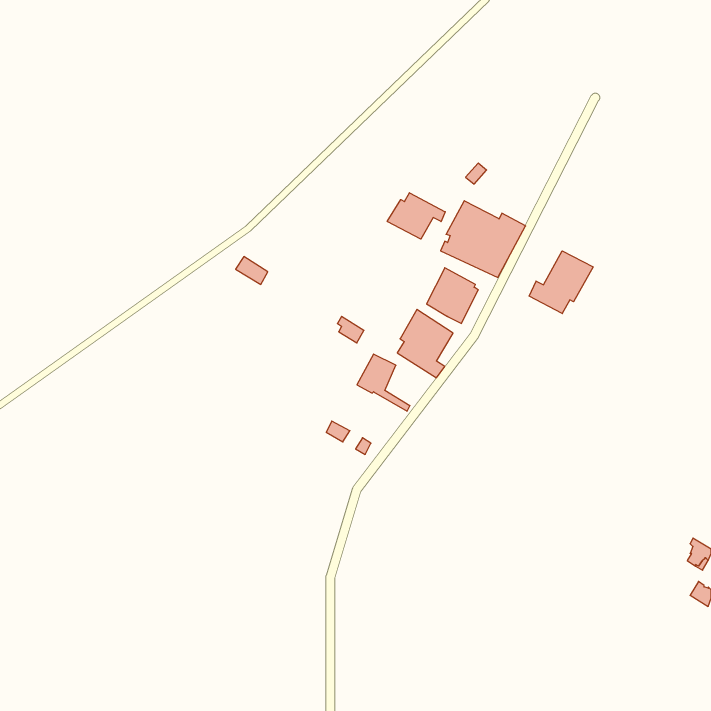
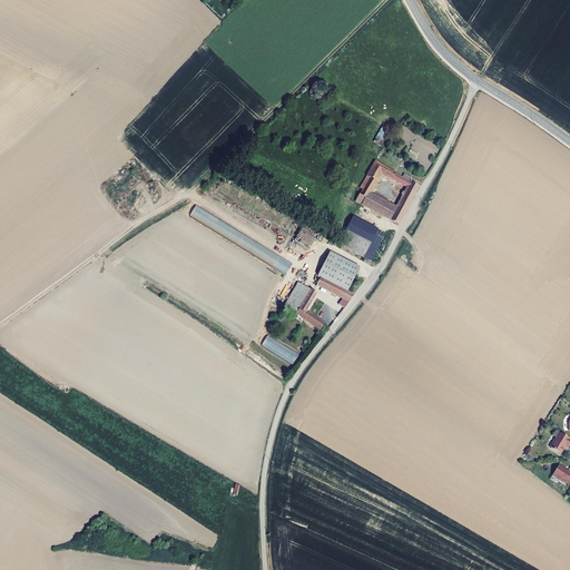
building: [387,193,445,239] -> none
building: [529,251,593,314] -> none

